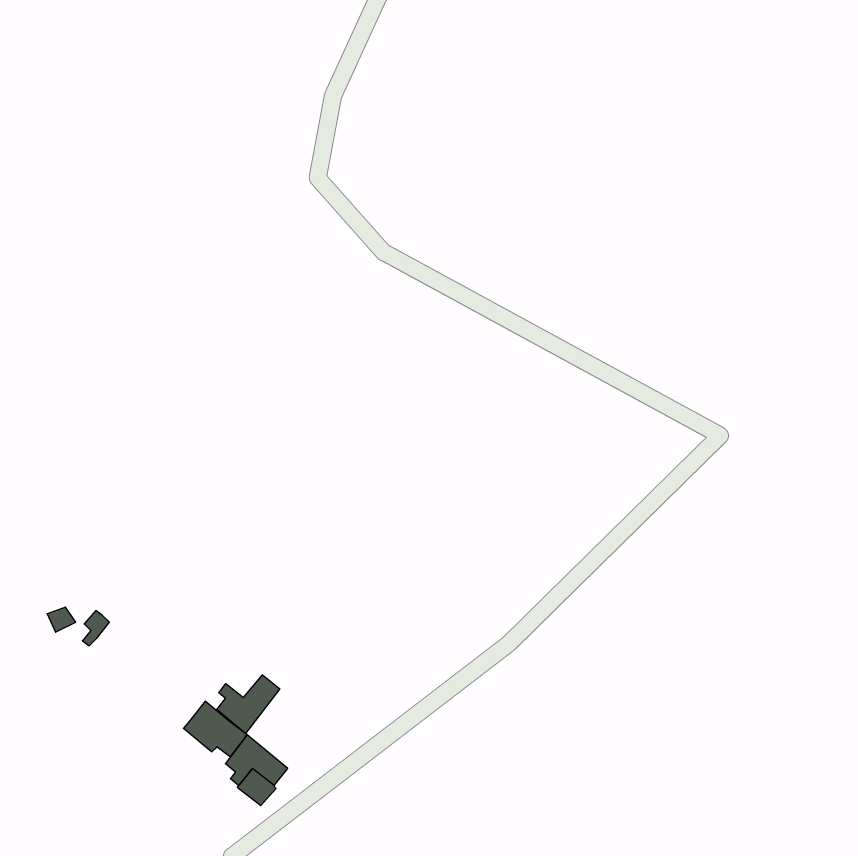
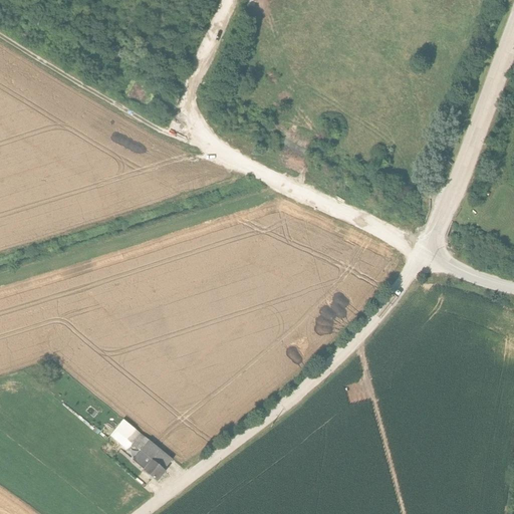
building: [217,675,280,734] -> none

